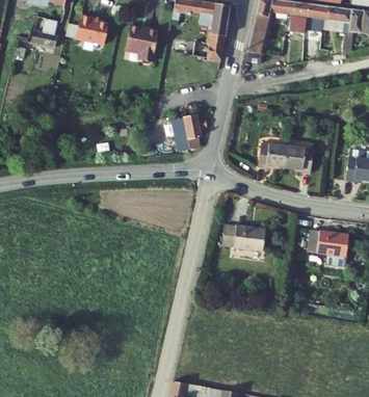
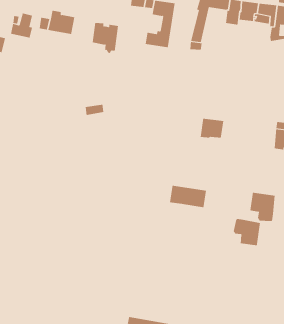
building: [177,114,211,149] -> none
building: [284,145,313,173] -> none
building: none -> [233,218,261,246]

